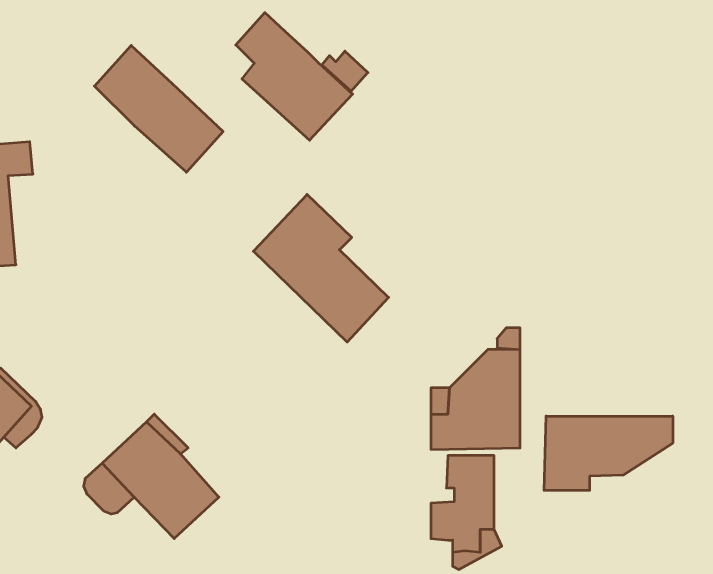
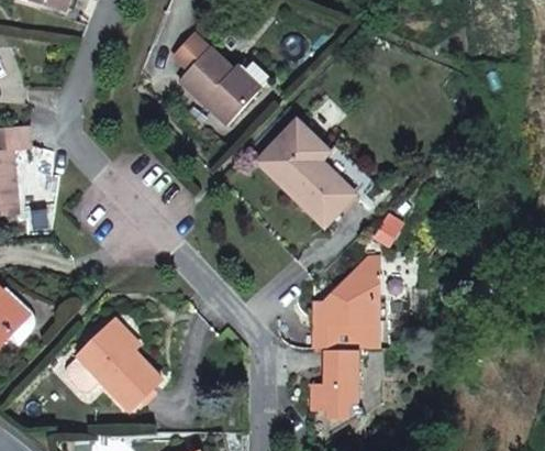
building: [94,45,223,172] -> none
building: [253,194,389,342] -> [258,120,355,226]
building: [544,416,673,490] -> none

